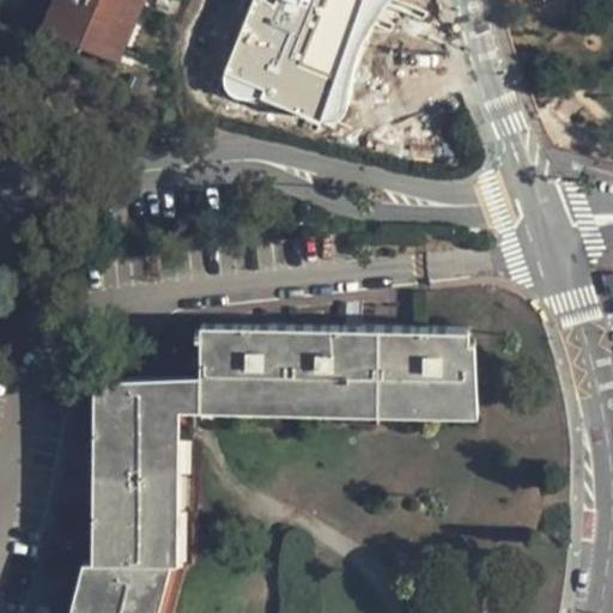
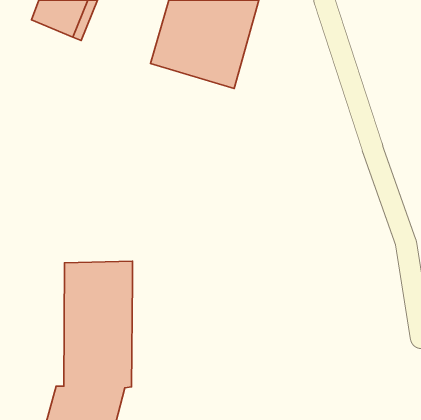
building: [194,323,472,412] -> none

